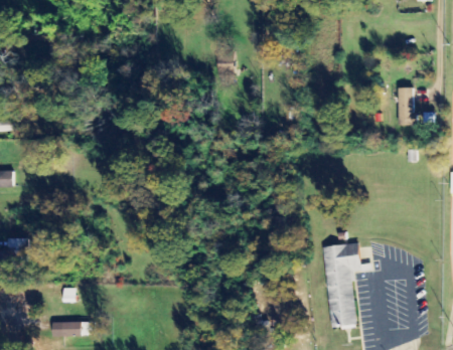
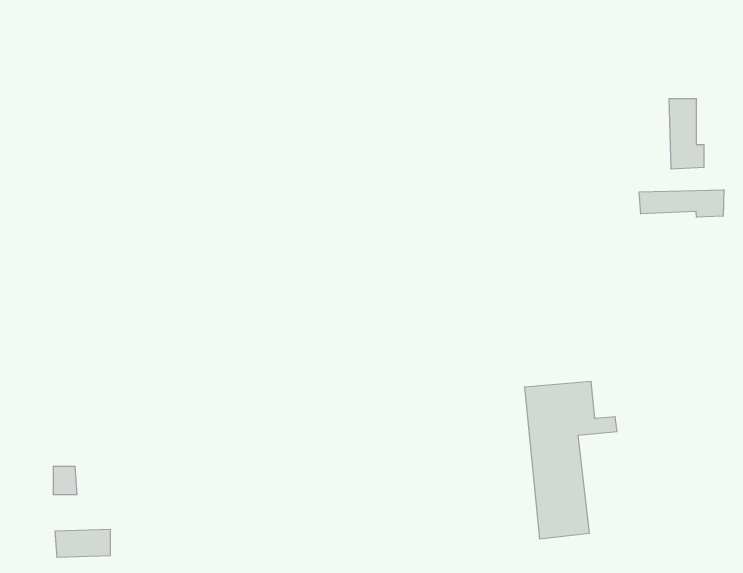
building: none -> [639,190,724,217]

